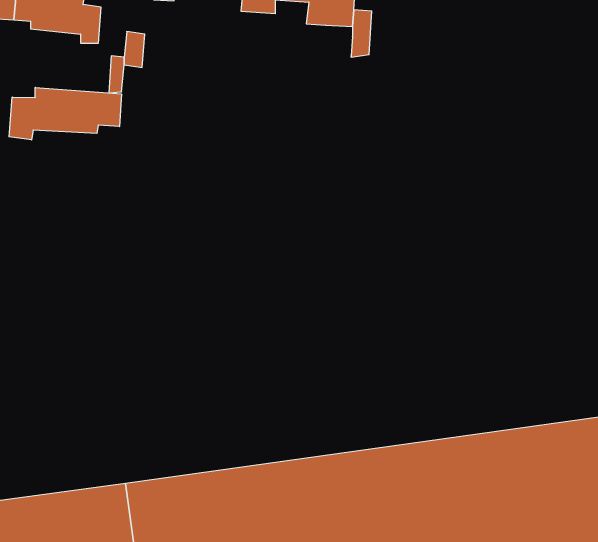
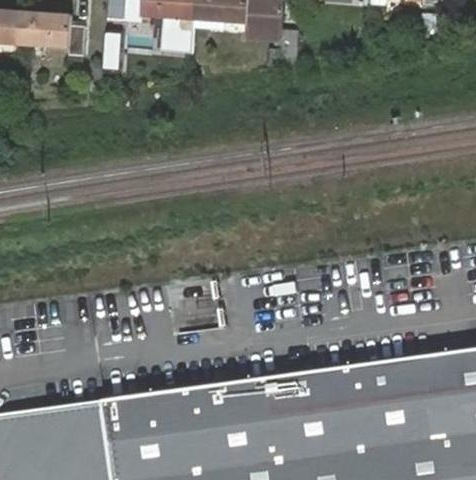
building: [9,87,121,140] -> none

